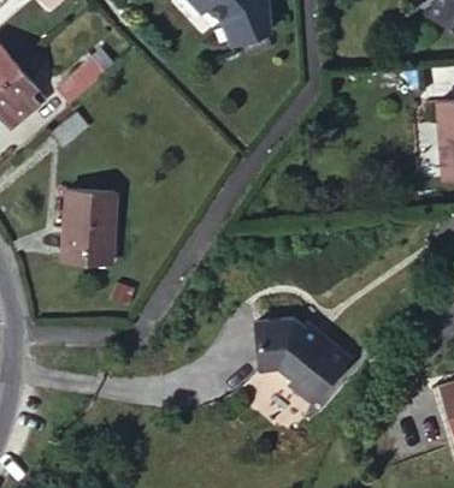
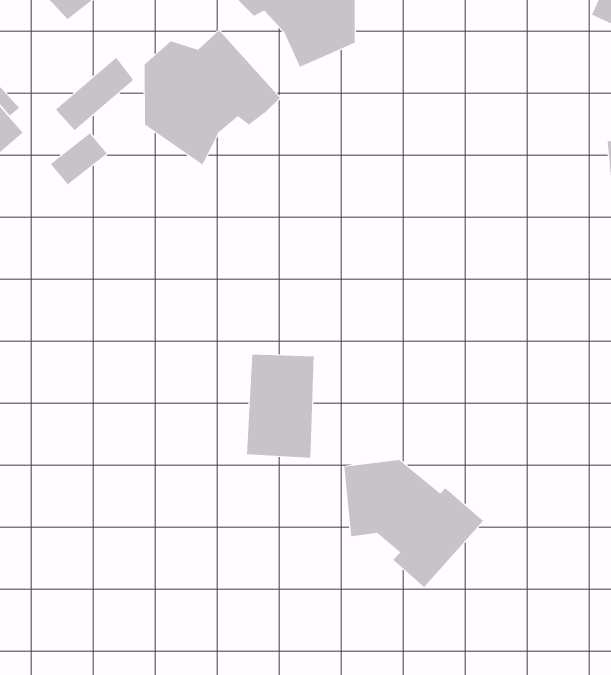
building: none -> [144,30,281,165]
building: [64,197,111,268] -> [246,354,315,458]

